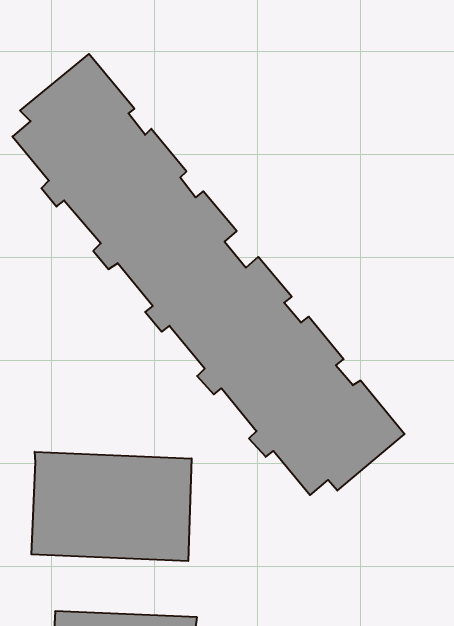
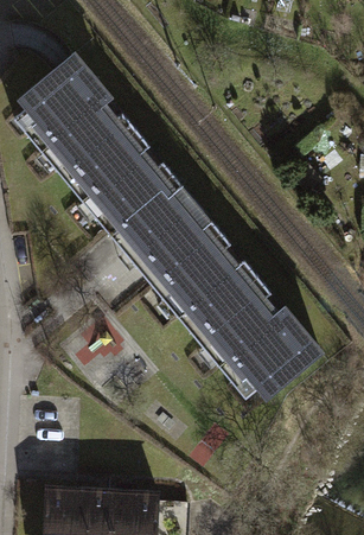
building: [31,452,192,561] -> none

